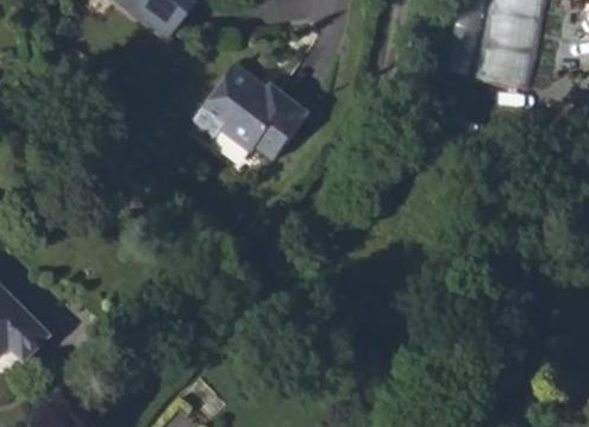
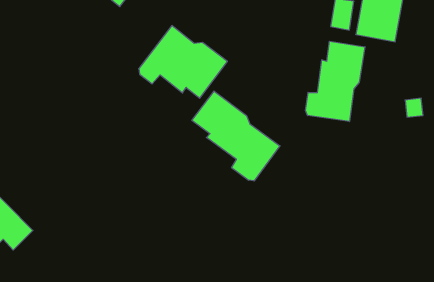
building: none -> [305,41,365,122]
building: none -> [192,91,280,181]

